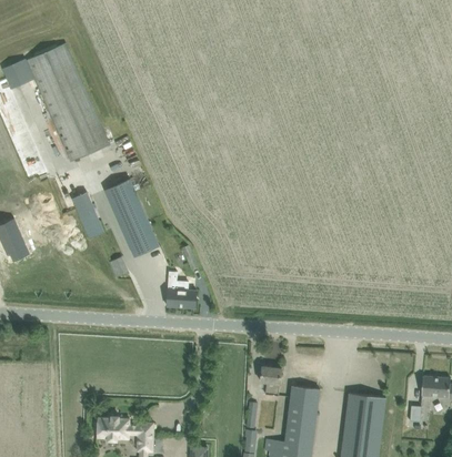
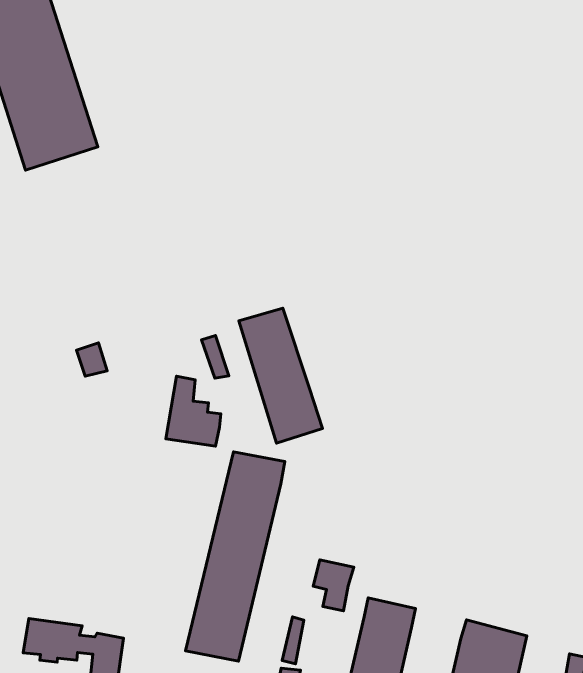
building: [104,179,159,256] -> [239,308,323,443]
building: [71,190,103,236] -> none
building: none -> [185,452,285,661]

